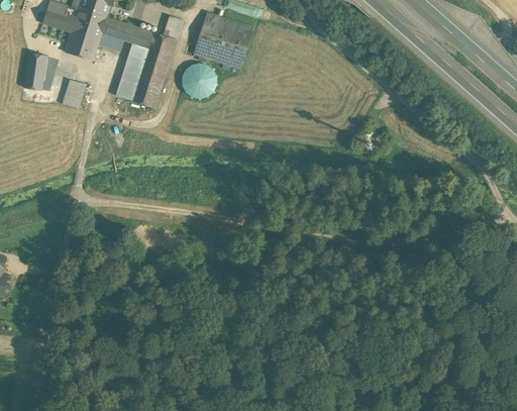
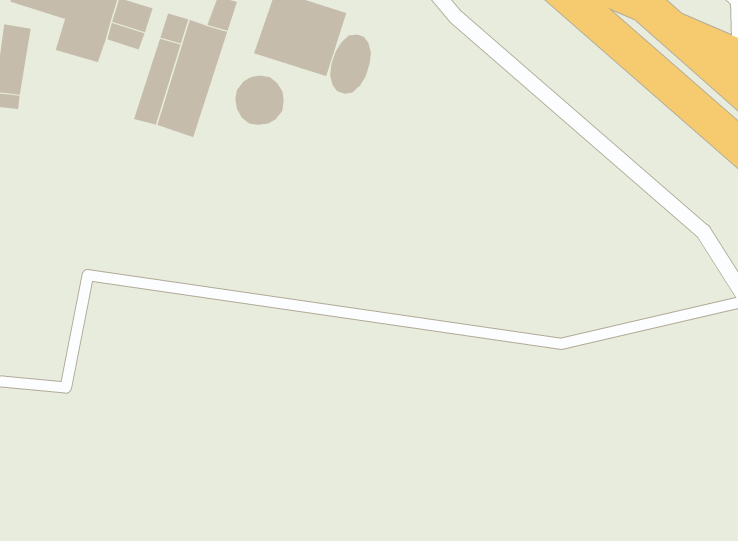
building: none -> [330,34,372,94]
building: [62,80,85,108] -> none

